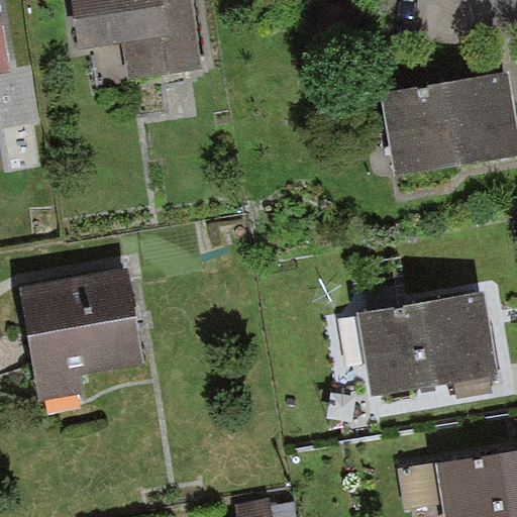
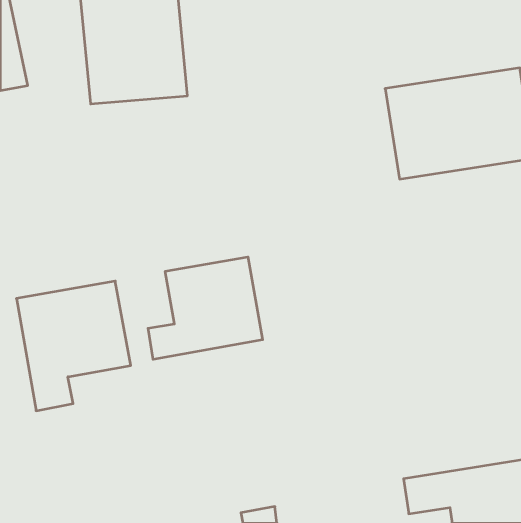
building: none -> [148,257,263,359]
building: [361,300,491,394] -> none

